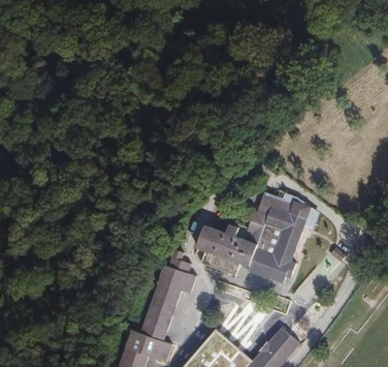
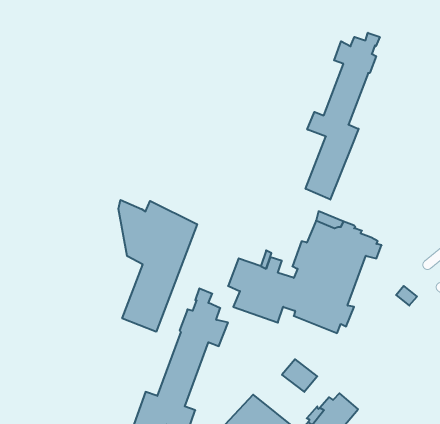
building: none -> [306,33,380,200]
building: none -> [118,200,197,332]

